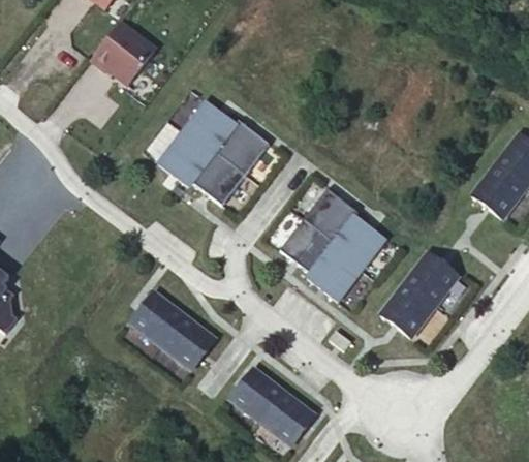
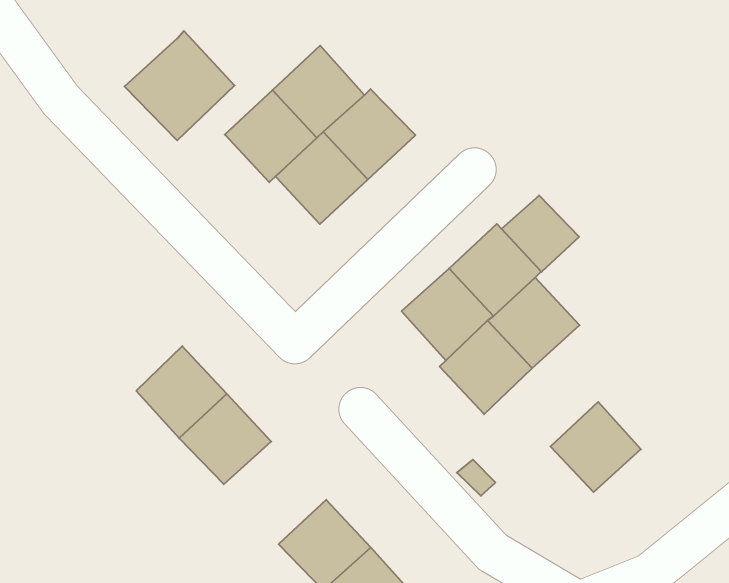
building: none -> [124,31,235,140]
building: none -> [501,195,579,272]
building: [404,252,459,307] -> none

